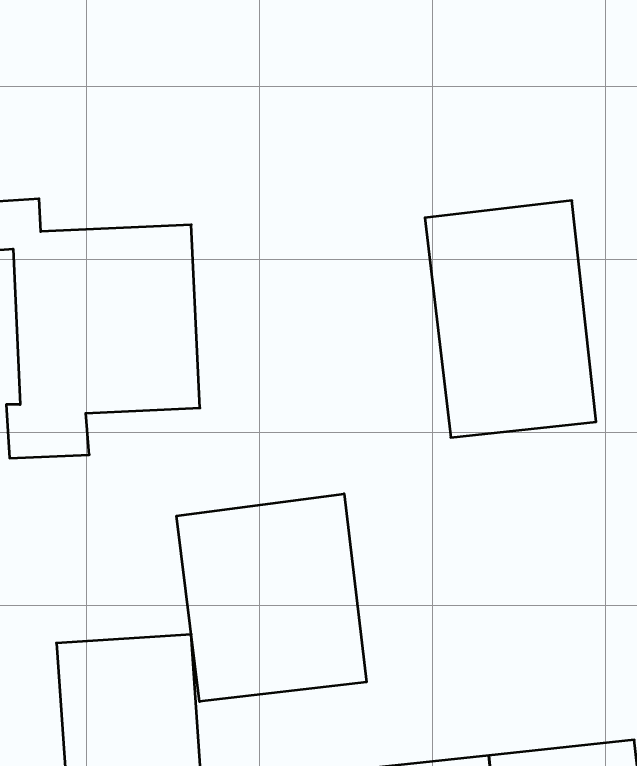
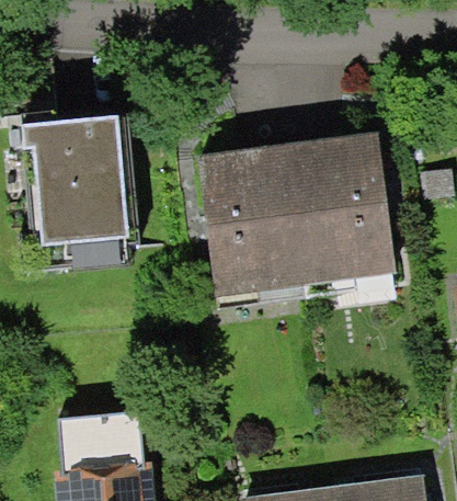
building: none -> [199,147,309,296]
building: [177,494,366,702] -> none

